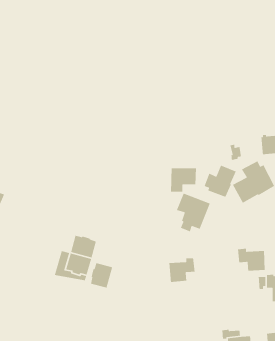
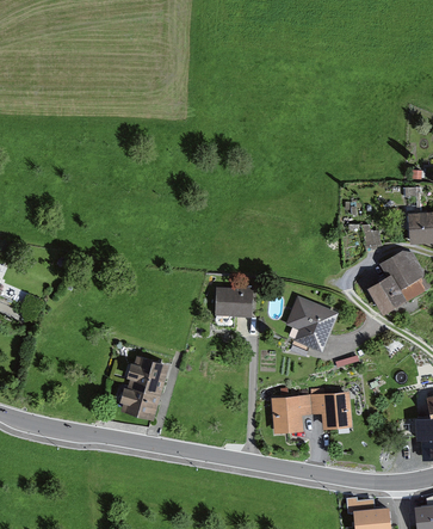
building: [203,164,237,198] -> none
building: [170,167,197,193] -> [214,289,253,326]
building: [237,248,265,271] -> [311,392,353,426]
building: [90,262,113,289] -> none

